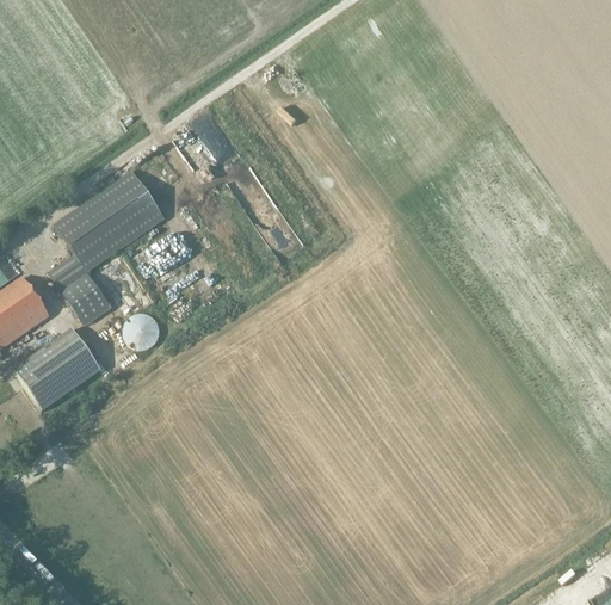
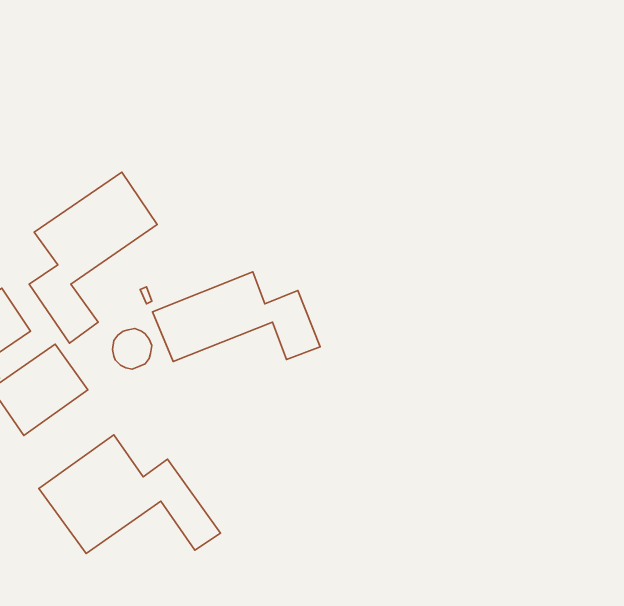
building: none -> [153,272,320,361]
building: none -> [39,435,220,554]

